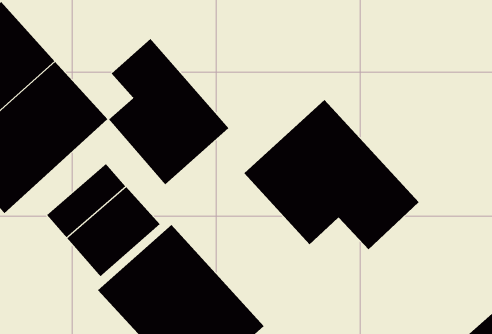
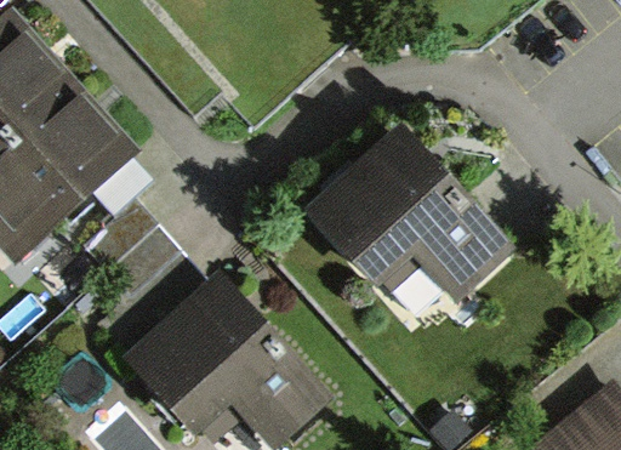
building: [108,38,229,185] -> none

